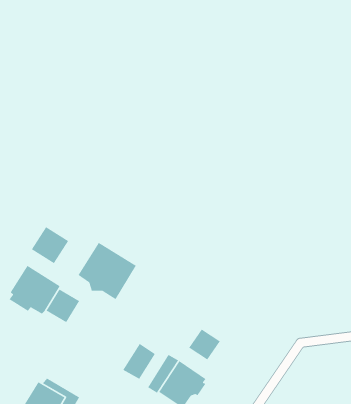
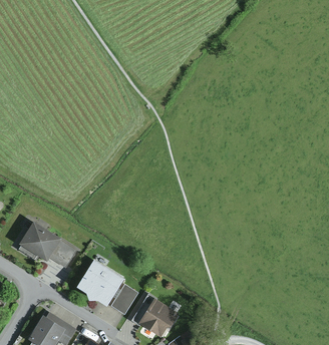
building: [31,226,69,264] -> none
building: [78,242,137,300] -> [76,261,124,308]
building: [188,328,221,361] -> none

